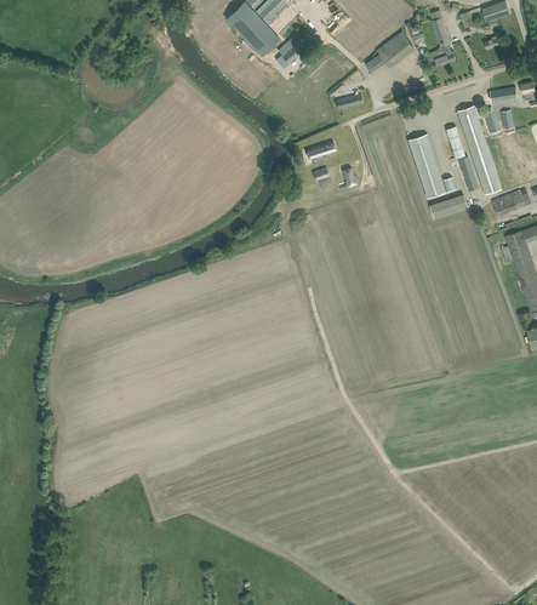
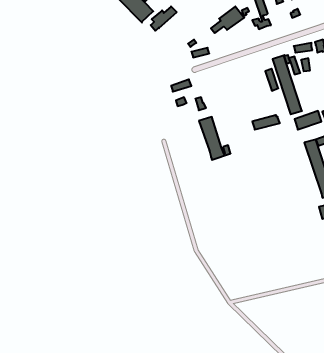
building: [407,133,455,198] -> [199,117,231,160]

